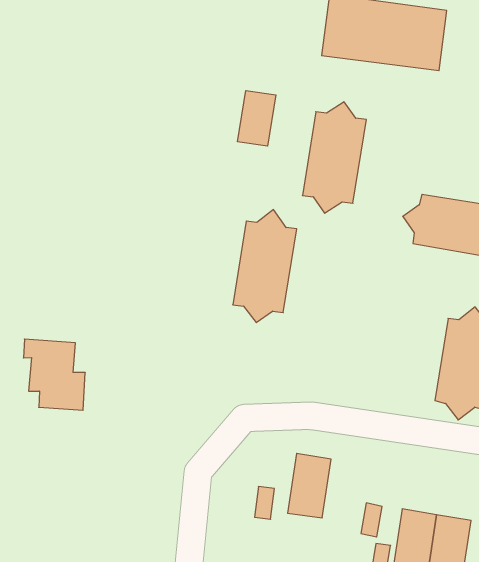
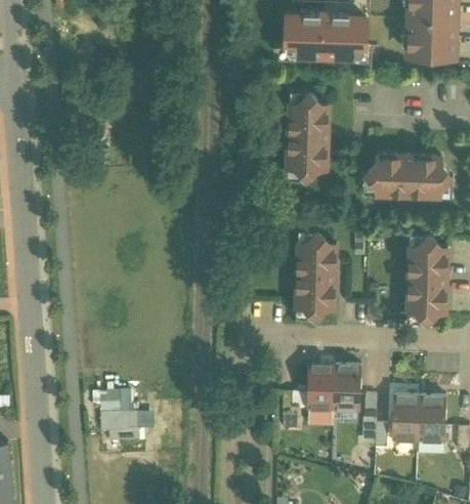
building: [238,91,276,146] -> none
building: [233,210,297,323] -> [295,232,336,319]
building: [23,339,85,410] -> [93,389,144,442]
building: none -> [333,365,360,411]

